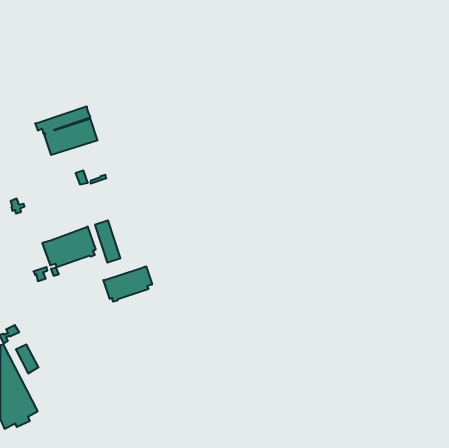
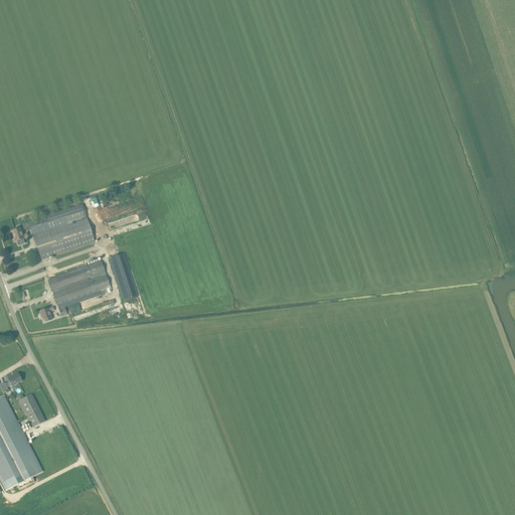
building: [35,107,98,155] -> [23,203,95,259]
building: [103,266,152,302] -> none

